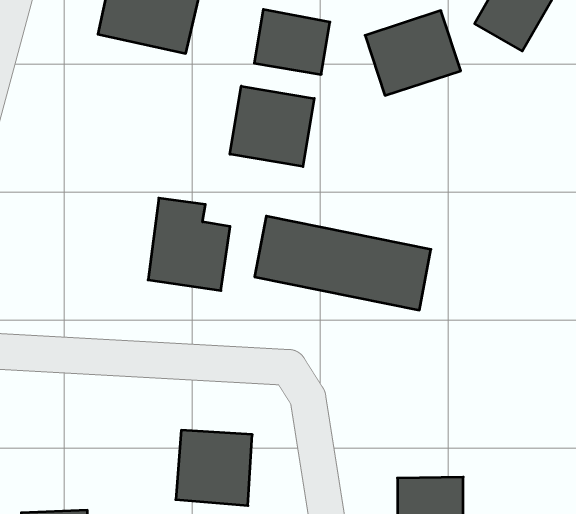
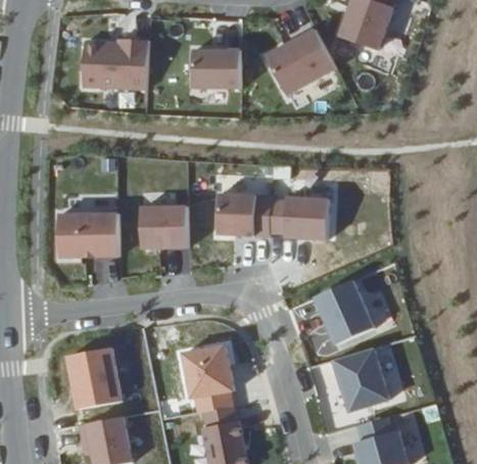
building: [230,86,314,167] -> none
building: none -> [54,211,123,259]
building: none -> [314,278,377,344]
building: none -> [67,347,123,408]

